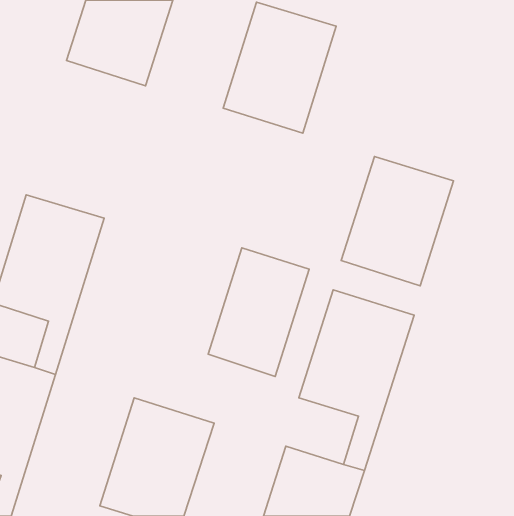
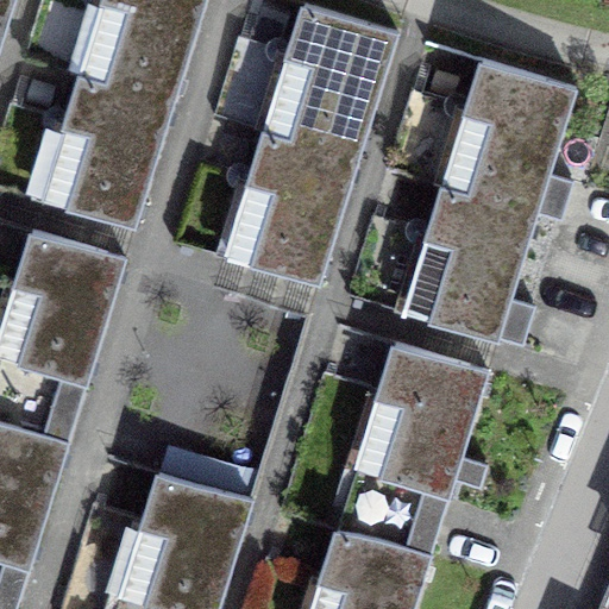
building: none -> [441,58,573,213]
building: none -> [39,71,171,227]
building: none -> [224,127,357,284]
building: [208,248,309,376] -> none

